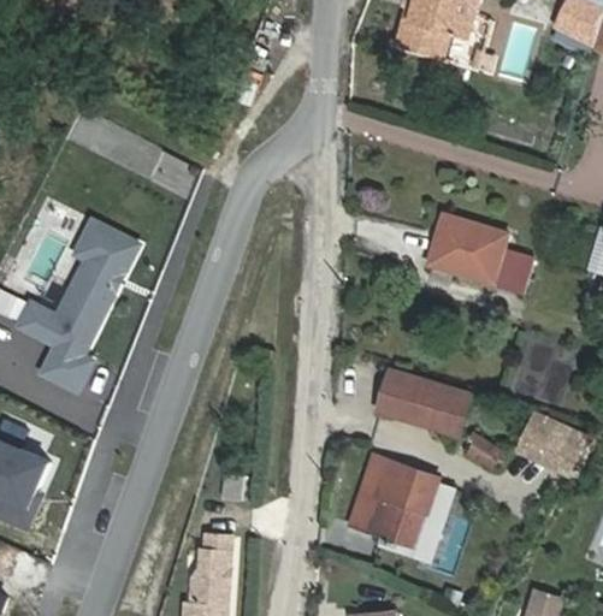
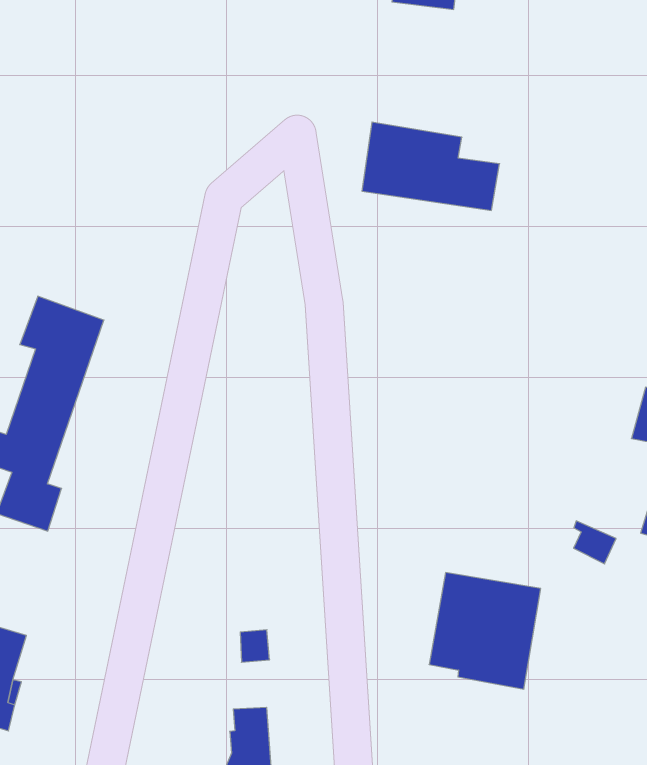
building: [425,214,526,290] -> [362,122,500,210]
building: [377,374,460,431] -> none

